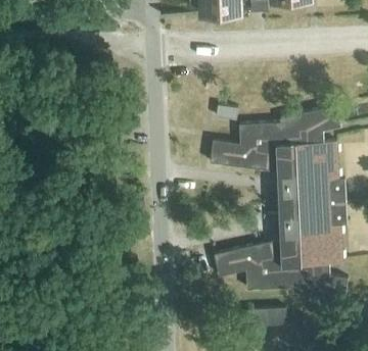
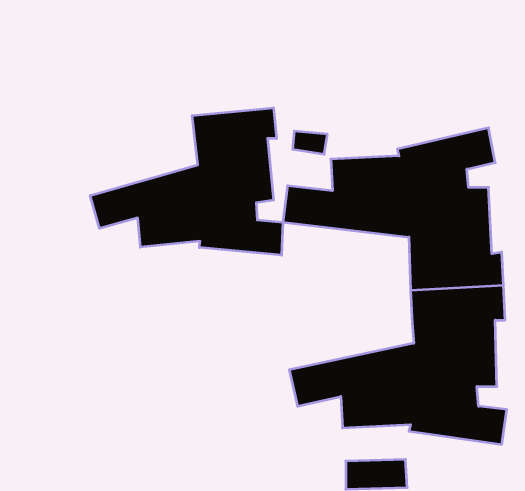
building: none -> [90,108,283,255]

